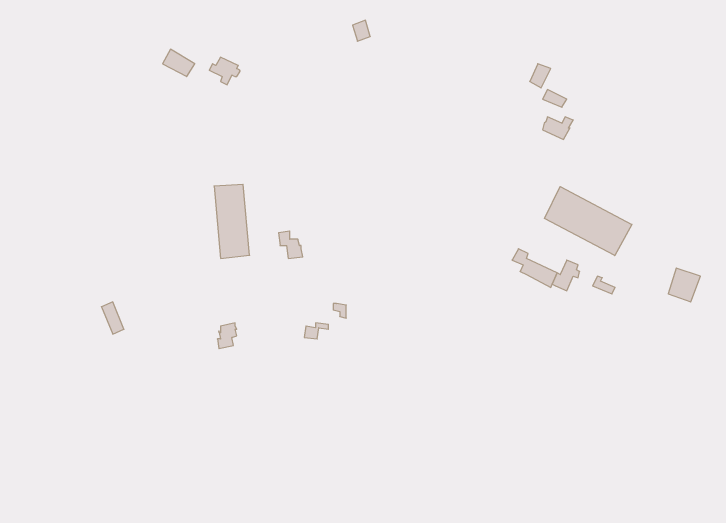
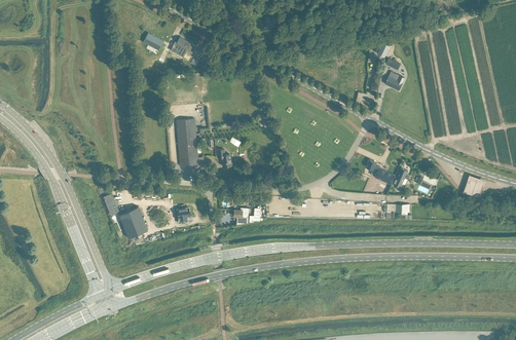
building: [544,187,632,256] -> none
building: none -> [119,206,147,238]

